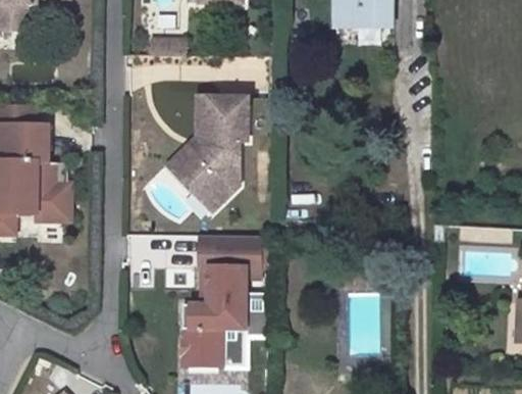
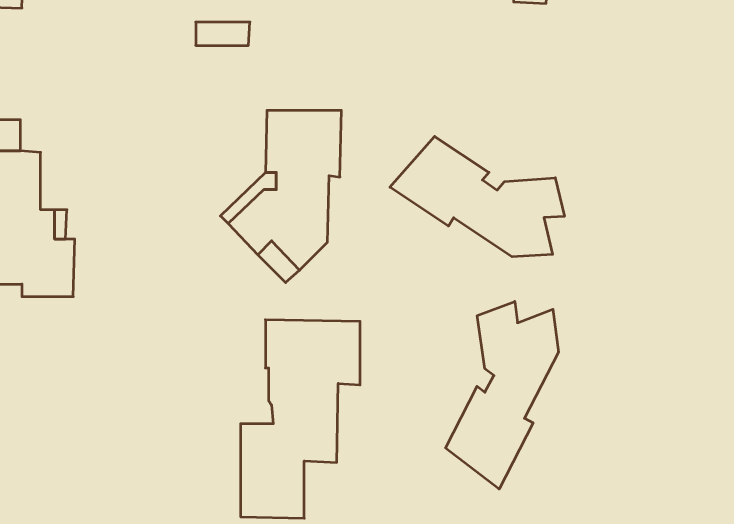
building: none -> [390,136,564,257]
building: none -> [446,301,558,489]

